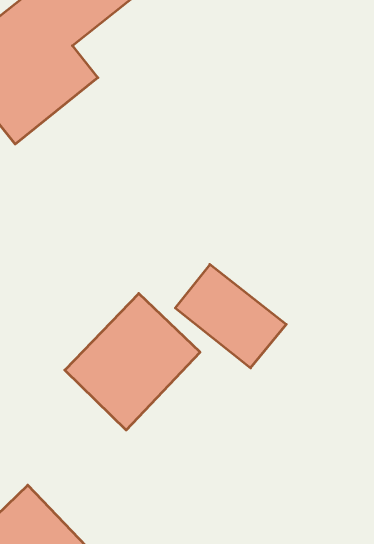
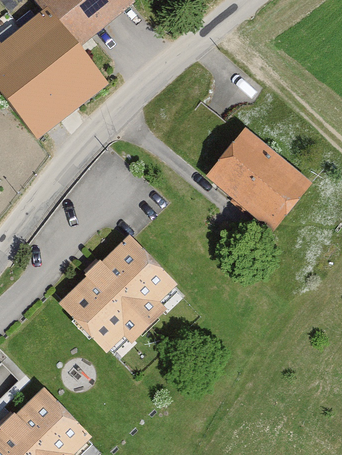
building: [175,264,286,368] -> [212,138,299,219]

